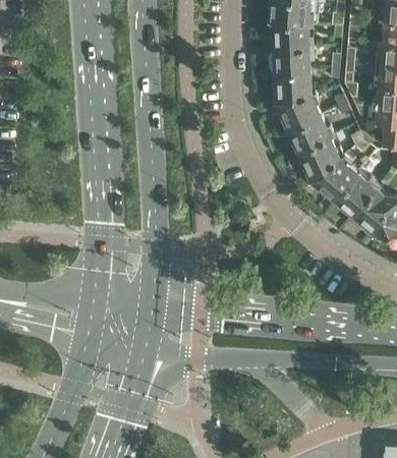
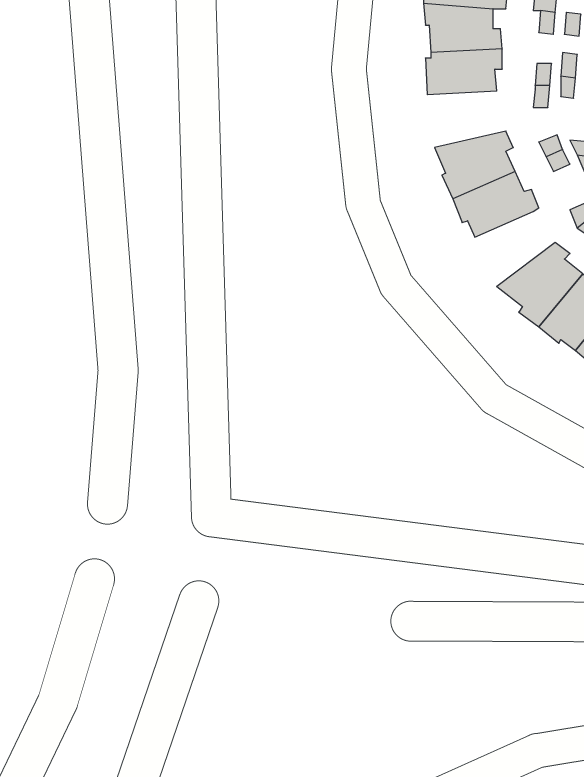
building: [272,71,316,103] -> none
building: [295,138,343,180] -> none

